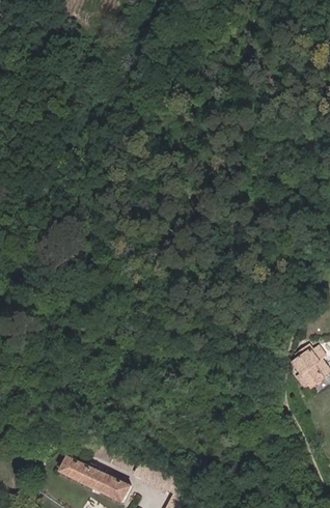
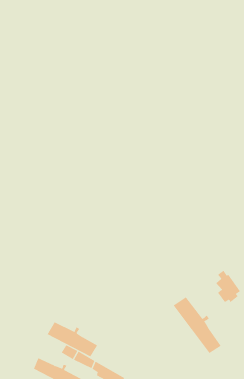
building: none -> [173,296,222,354]
building: none -> [47,321,98,357]

